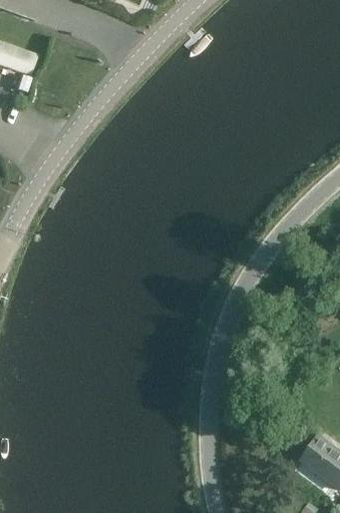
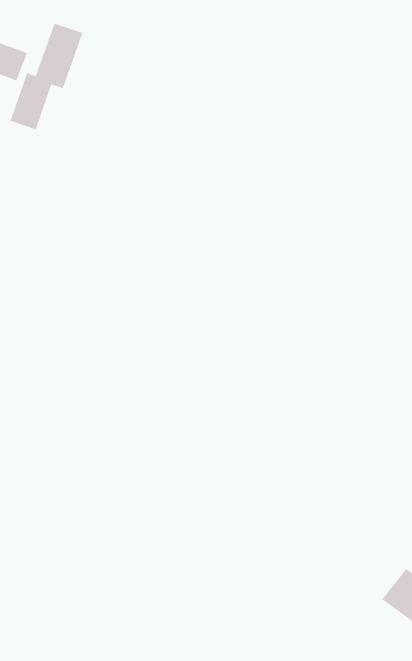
building: none -> [10,23,83,130]

